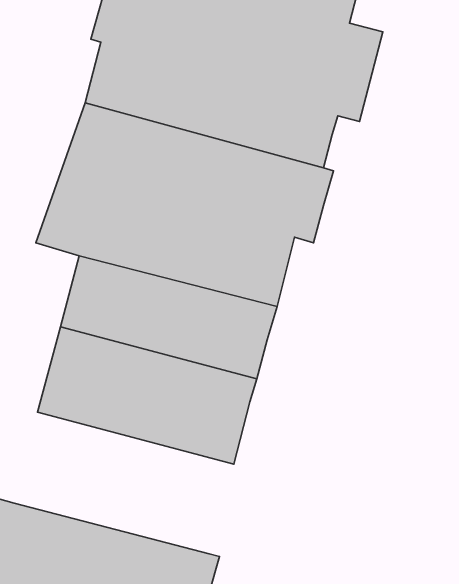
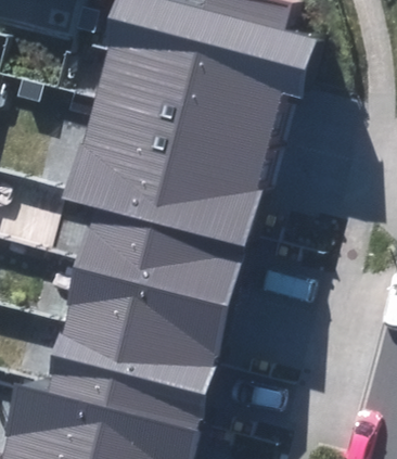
building: none -> [43,327,208,433]

